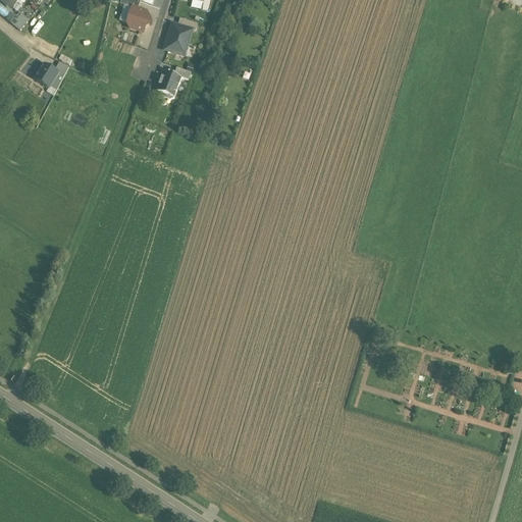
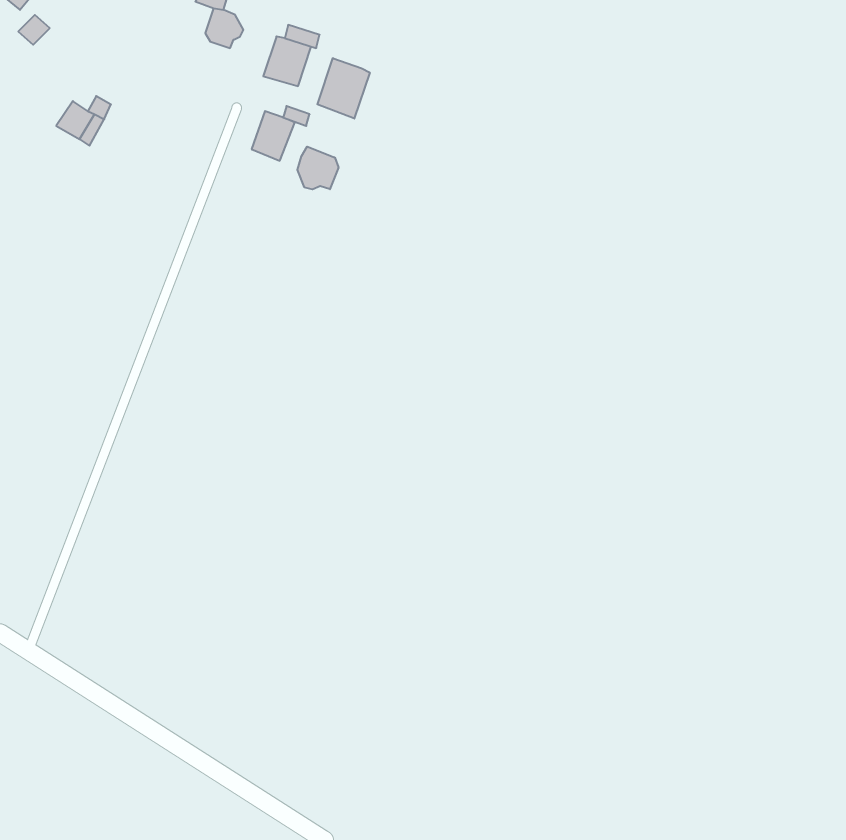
building: none -> [317,58,370,119]
building: none -> [297,147,338,189]

